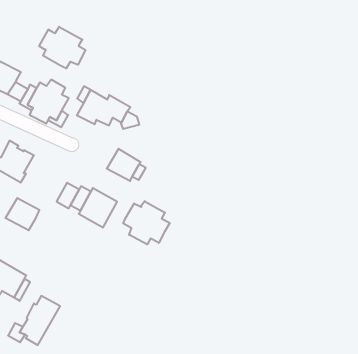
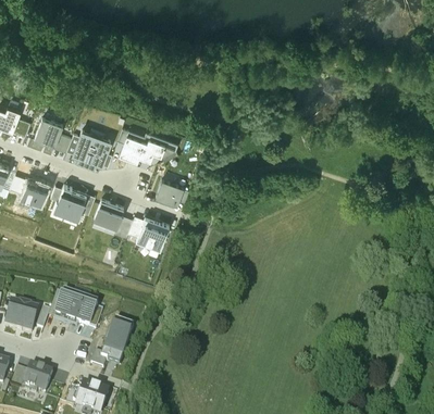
building: [39,27,85,68] -> none
building: [5,198,39,230] -> [94,200,123,227]
building: [123,201,170,244] -> none

